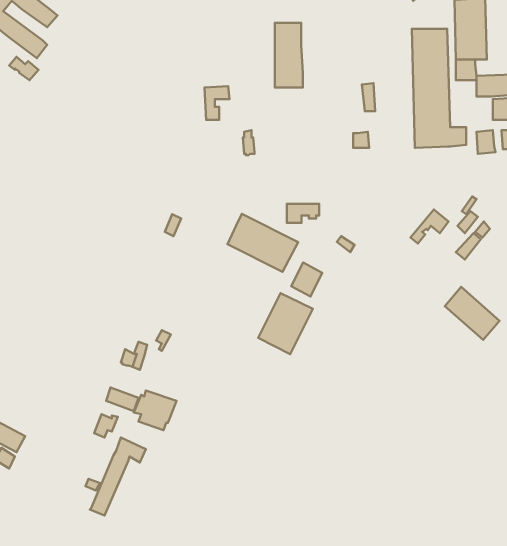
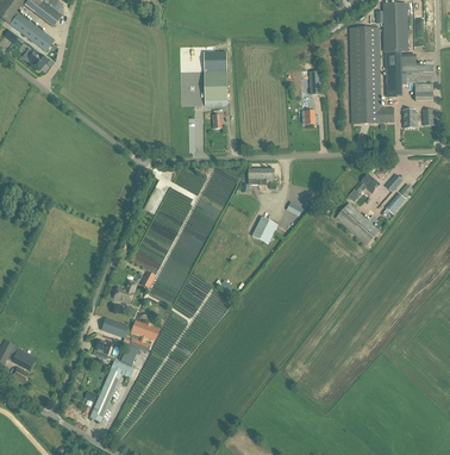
building: [275,23,303,87] -> [204,52,226,105]
building: [227,214,298,272] -> none
building: [445,287,499,340] -> [335,204,379,247]
building: [258,293,313,354] -> none

